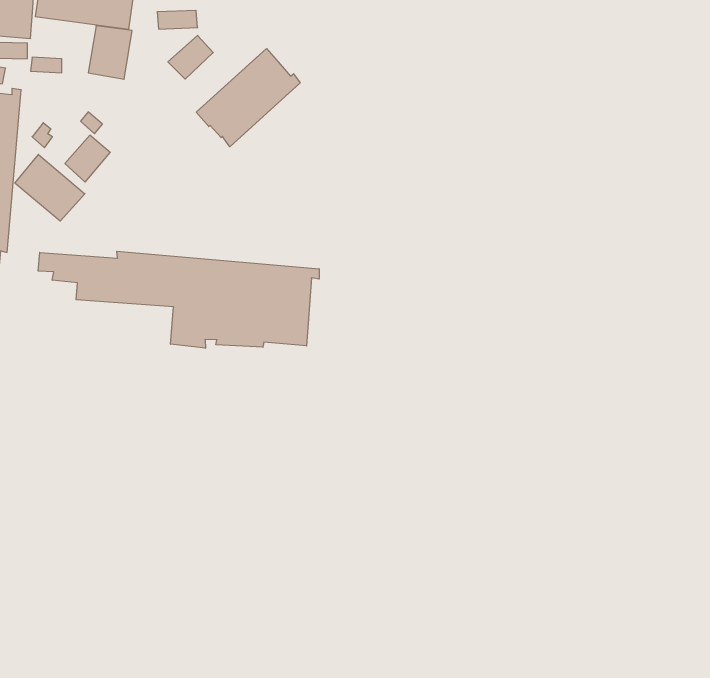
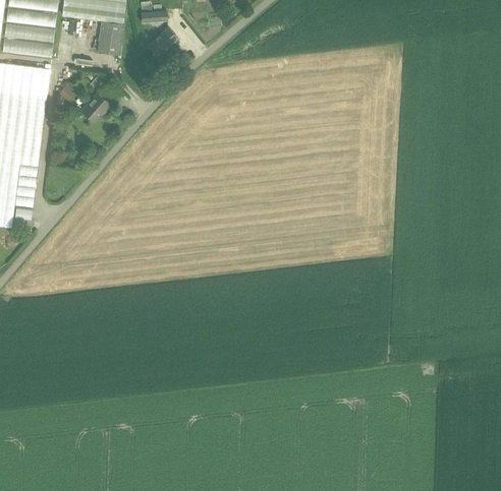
building: [196,49,300,147] -> none
building: [15,154,85,221] -> none
building: [38,251,319,348] -> none

